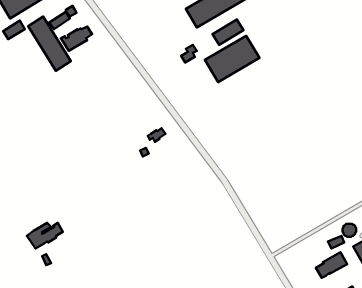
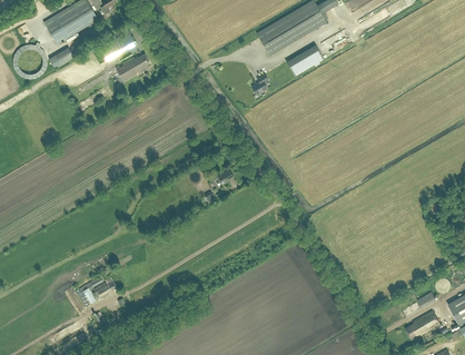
building: [28,17,71,71] -> none
building: [205,36,259,82] -> none

